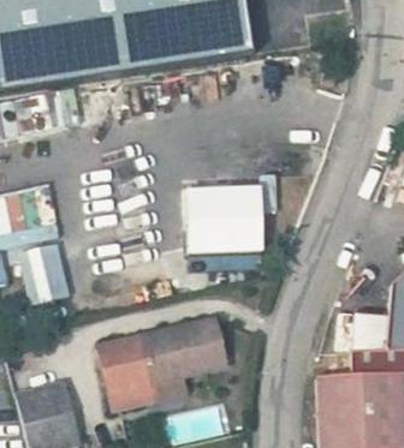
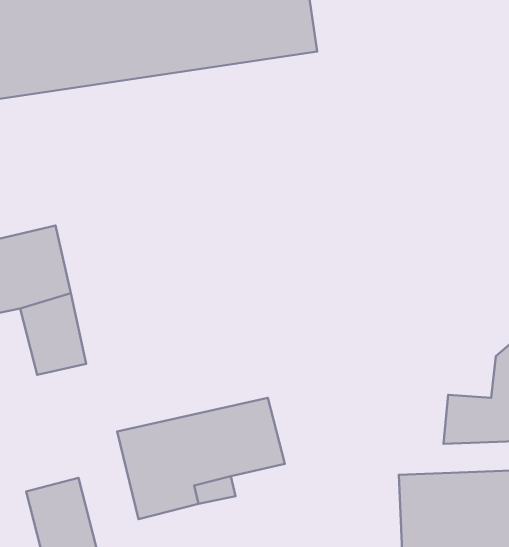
building: [188,184,262,247] -> none

